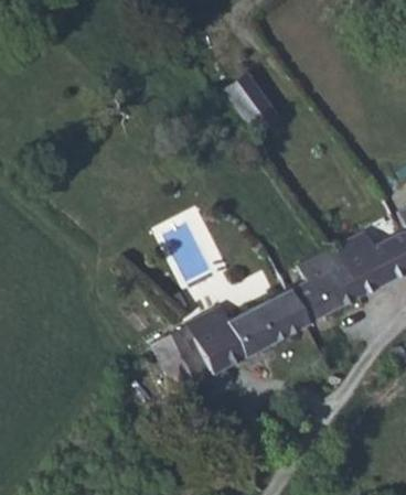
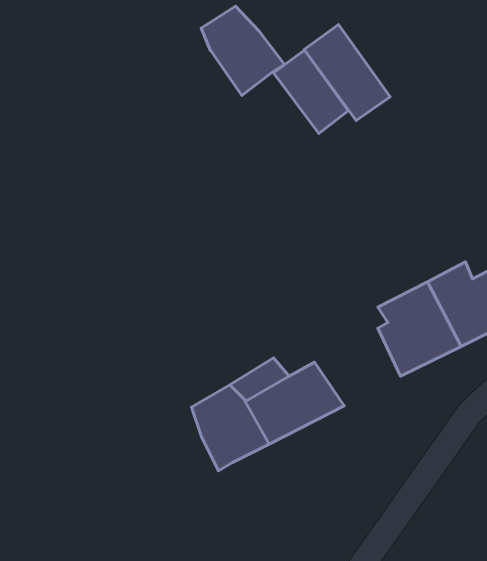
building: none -> [201,6,284,95]
building: none -> [304,24,390,120]
building: [250,281,318,342] -> none

